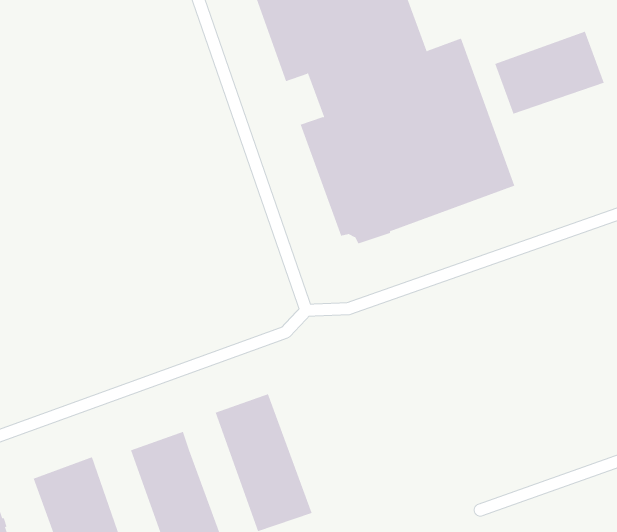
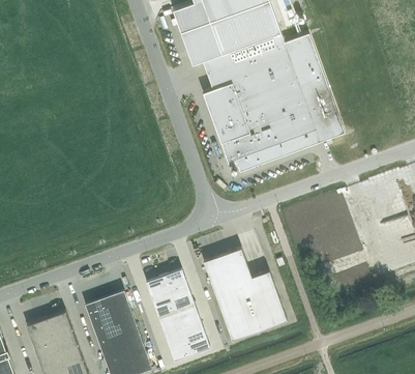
building: [495,31,605,115] -> none
building: none -> [204,248,287,341]

